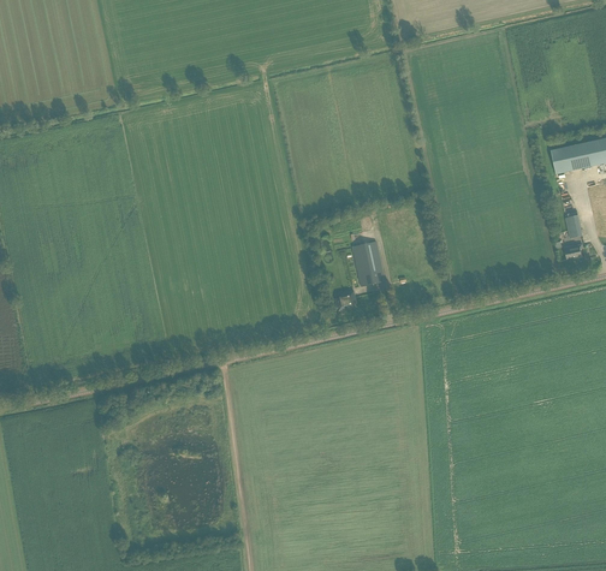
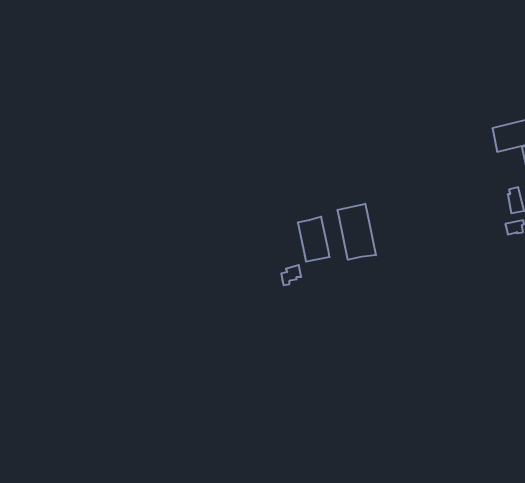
building: none -> [338,204,376,260]

